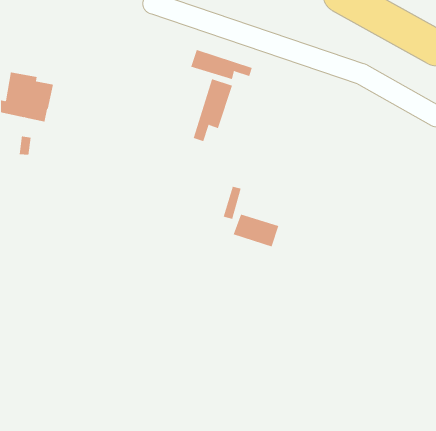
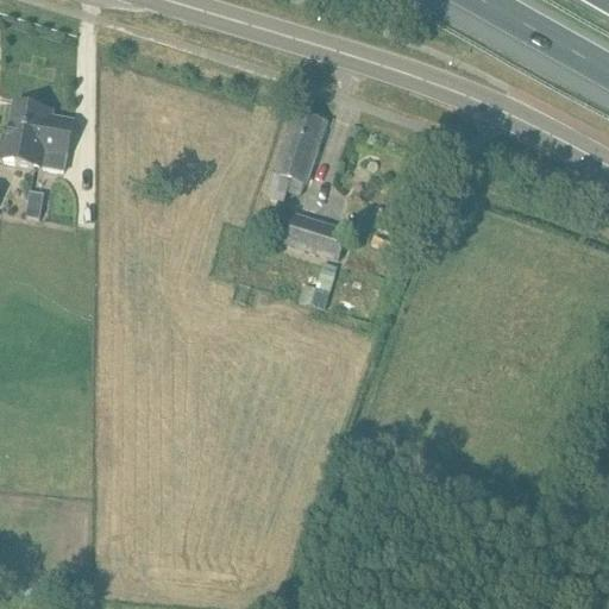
building: [191,49,253,80] -> none
building: [233,214,279,247] -> [283,213,347,259]

